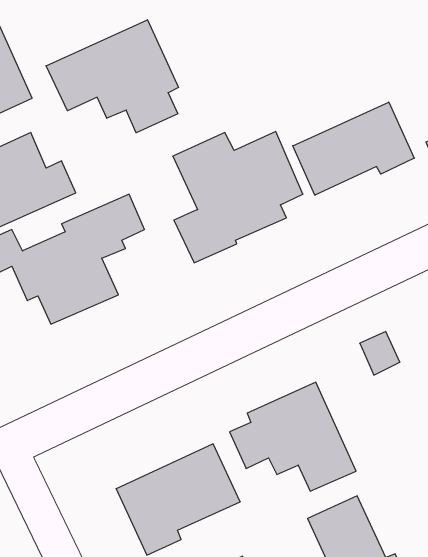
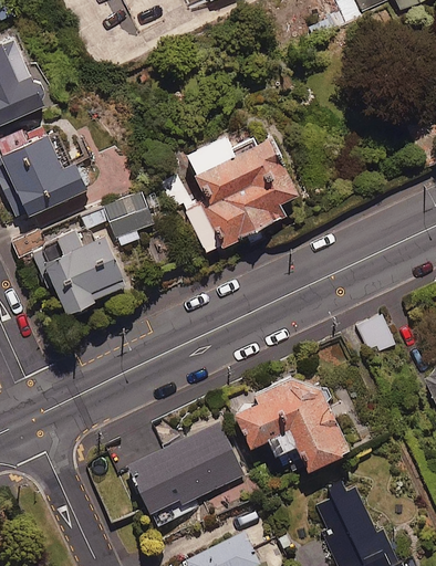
building: [46,20,178,133] -> none
building: [293,102,414,195] -> none

